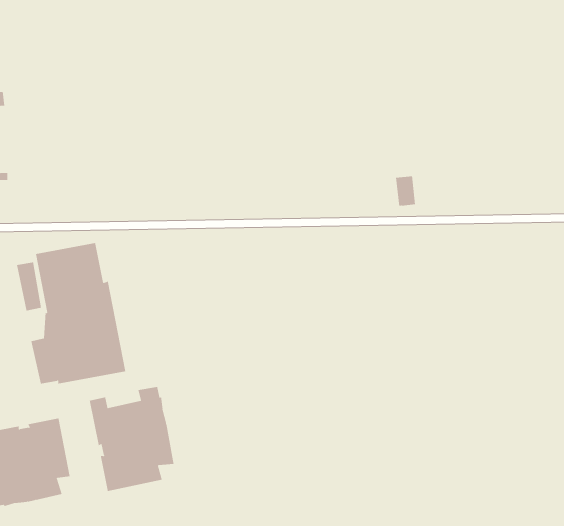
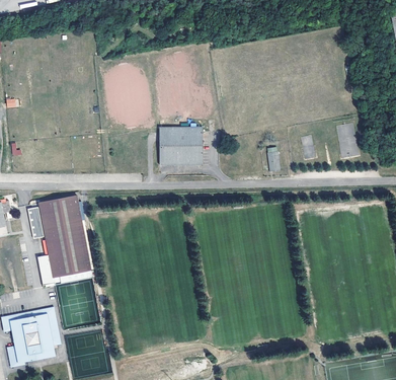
building: none -> [159,127,203,166]
building: [89,386,174,492] -> none

